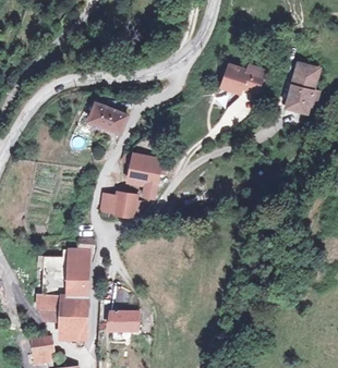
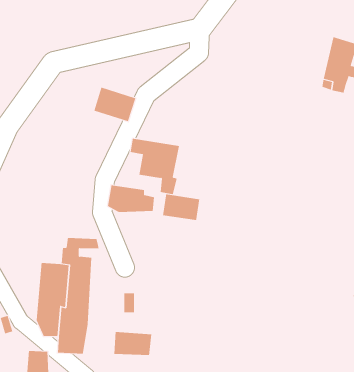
building: [221,64,263,93] -> none
building: none -> [162,194,200,221]

